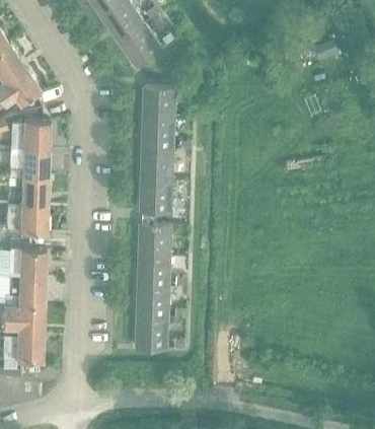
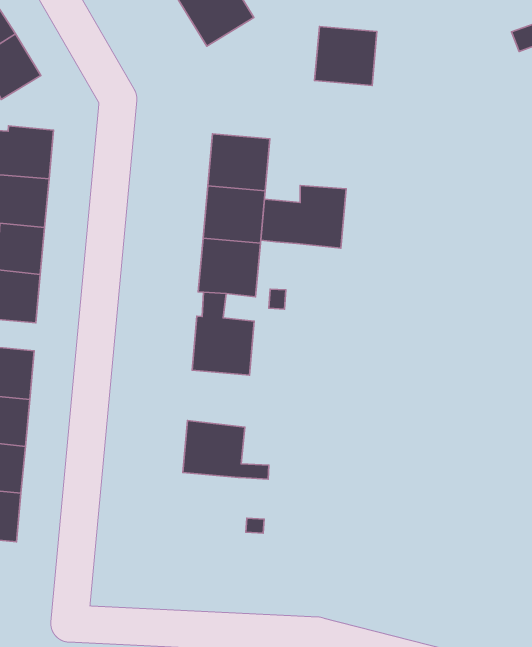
building: [142,87,176,120] -> [315,27,377,85]
building: none -> [261,185,346,248]
building: [137,257,171,288] -> none
building: [135,316,168,350] -> none

